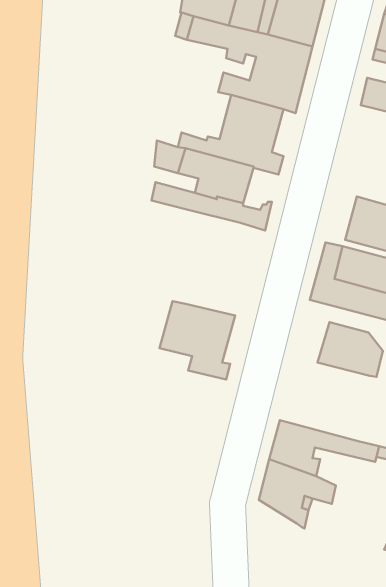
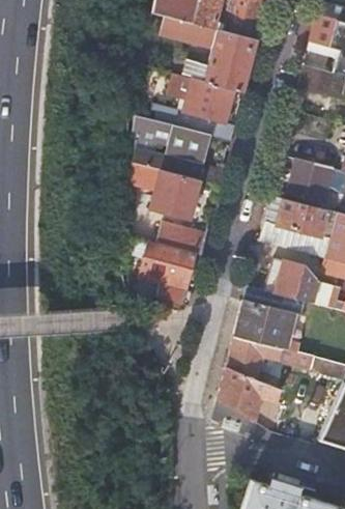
building: none -> [151,169,202,219]
building: none -> [159,223,211,255]
building: none -> [233,285,305,352]

